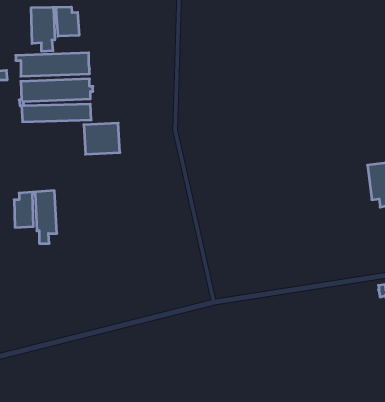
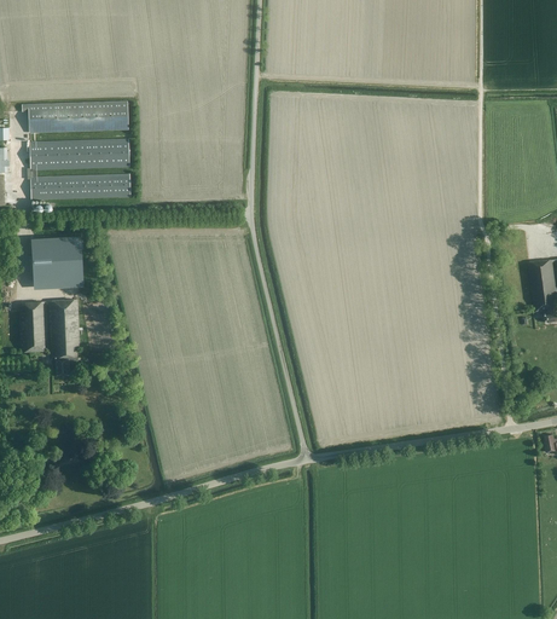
building: [31,7,79,51] -> none
building: [84,123,120,154] -> [33,237,85,282]

